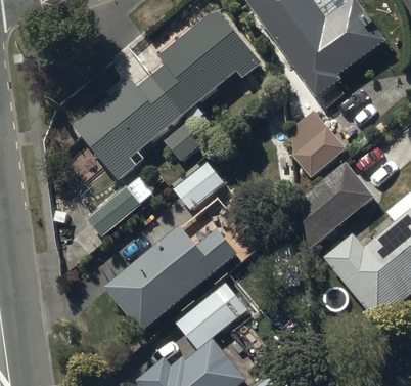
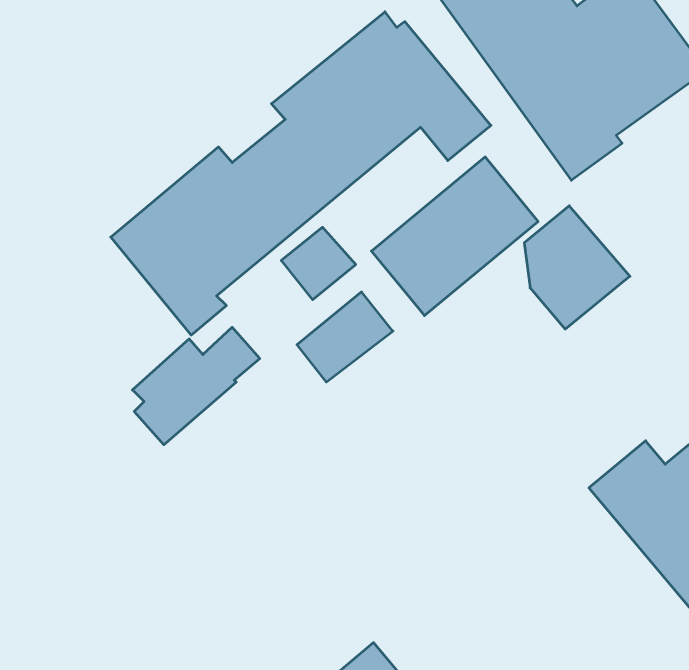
building: [283,157,370,240] -> [371,157,538,316]
building: [105,227,238,334] -> none
building: [175,280,248,348] -> none

